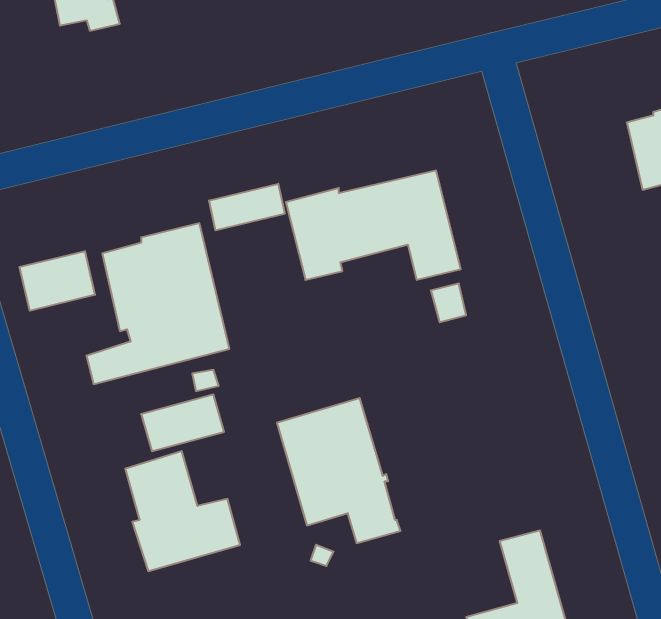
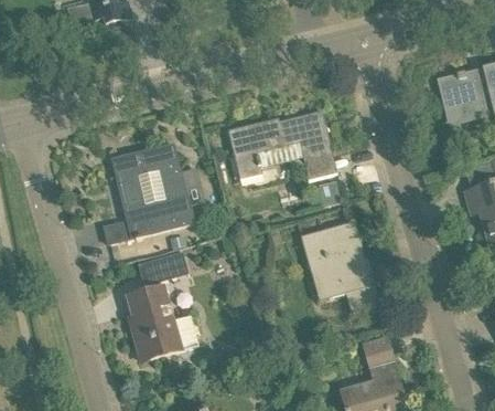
building: [209,184,285,230] -> none
building: [20,251,95,311] -> none
building: [277,398,401,543] -> [302,220,379,310]

